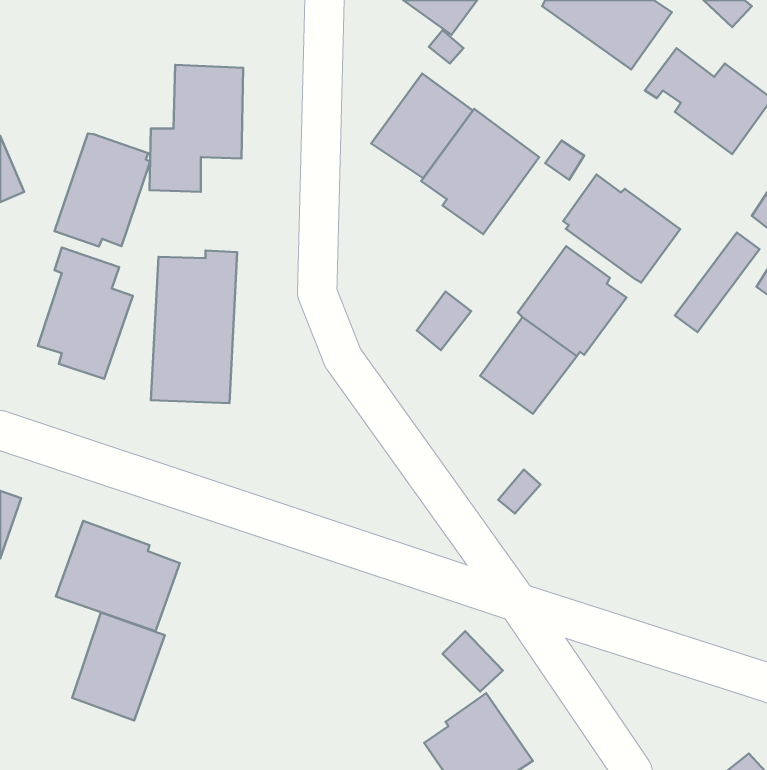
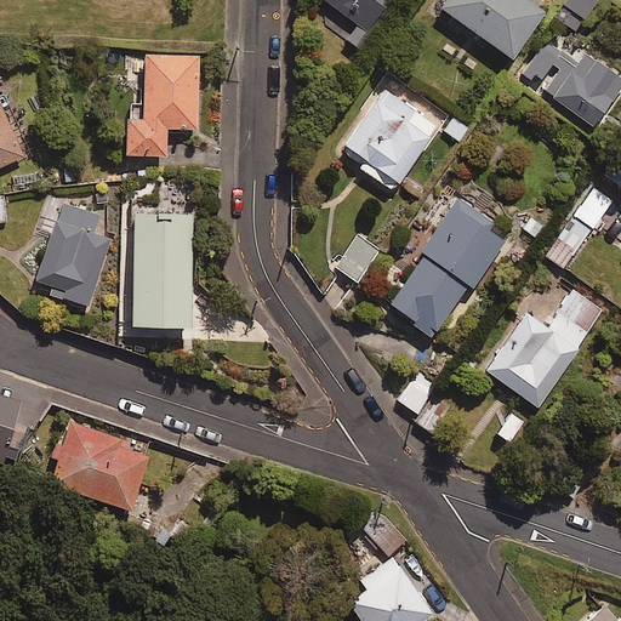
building: [371,74,473,178] -> none
building: [54,134,150,246] -> none
building: [563,174,680,283] -> none
building: none -> [485,290,604,406]
building: [72,612,165,720] -> none

